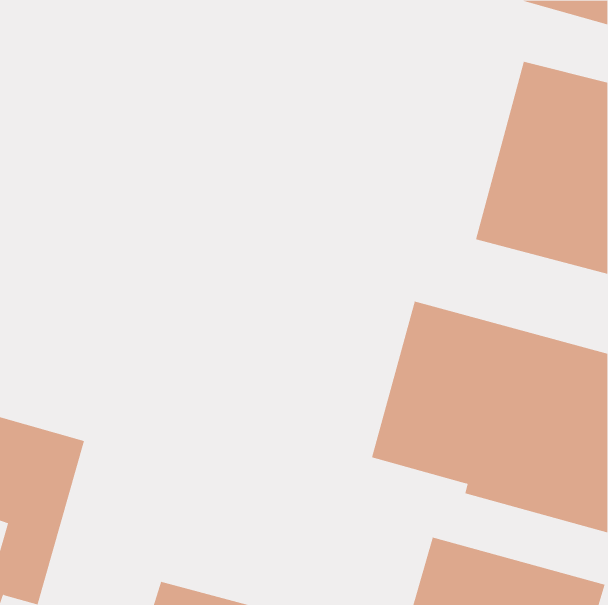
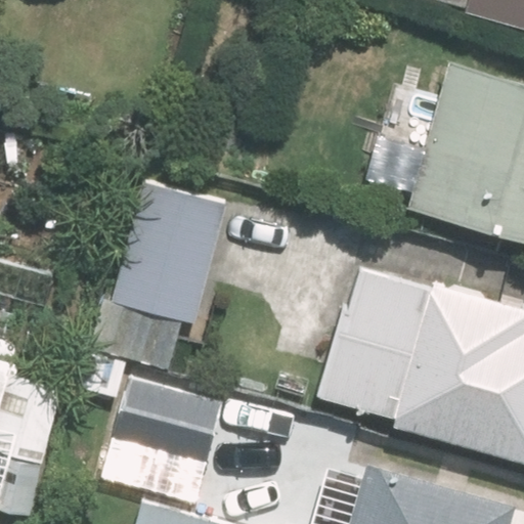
building: none -> [85,184,231,377]
building: none -> [99,377,229,508]

